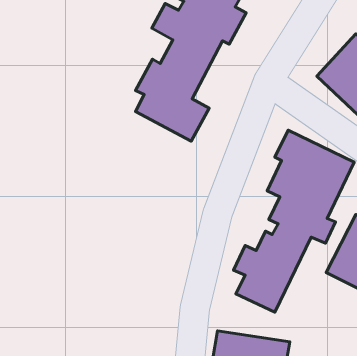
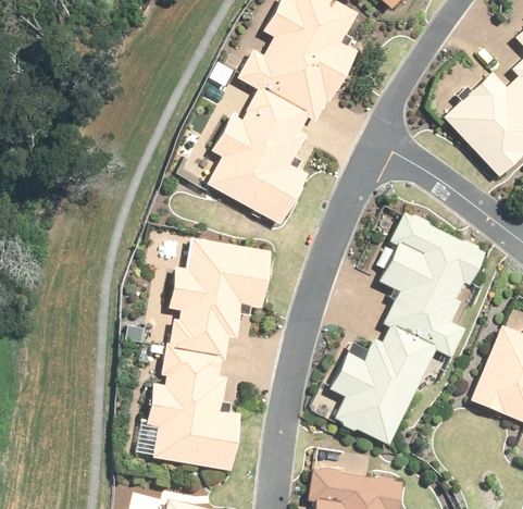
building: none -> [150,240,276,463]

